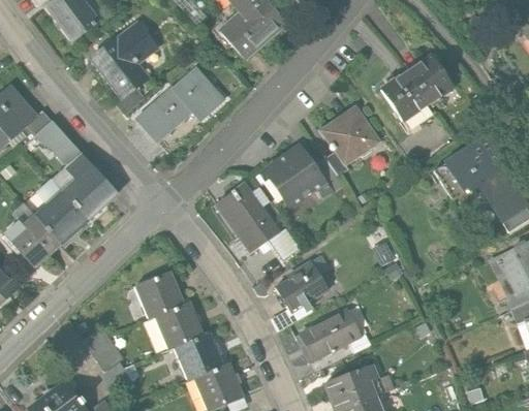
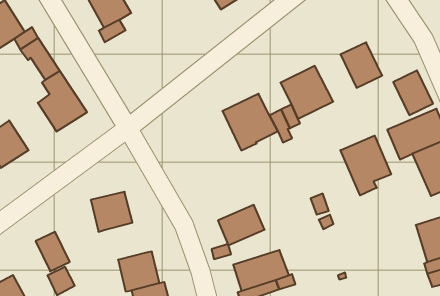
building: [406,54,453,103] -> [393,70,433,115]
building: [133,65,225,143] -> none
building: none -> [340,136,391,195]
building: [215,182,279,252] -> none
building: [34,190,87,243] -> none
building: [155,302,205,349] -> none

